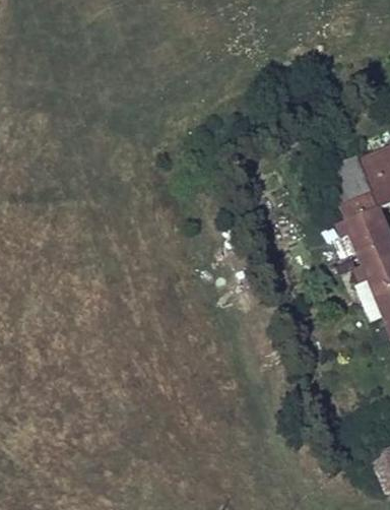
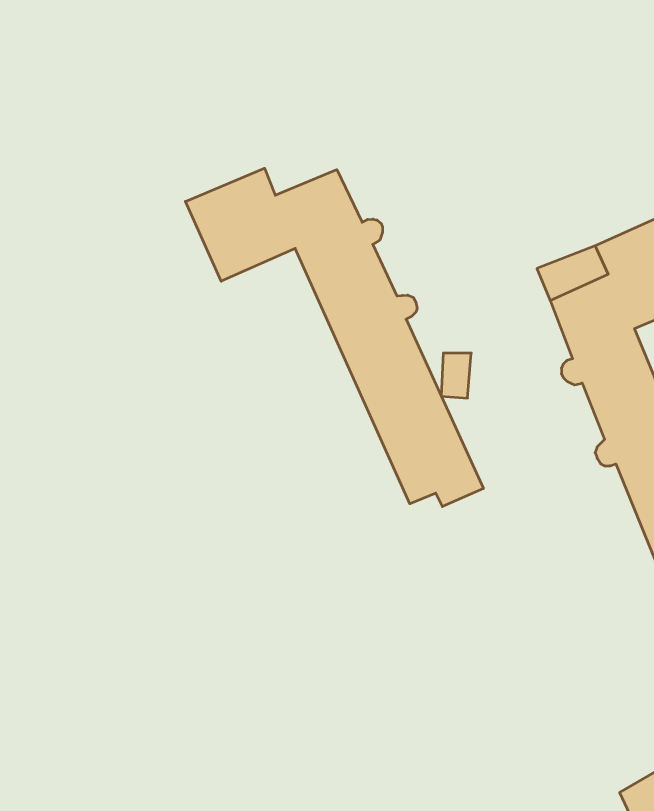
building: none -> [185,168,483,507]

